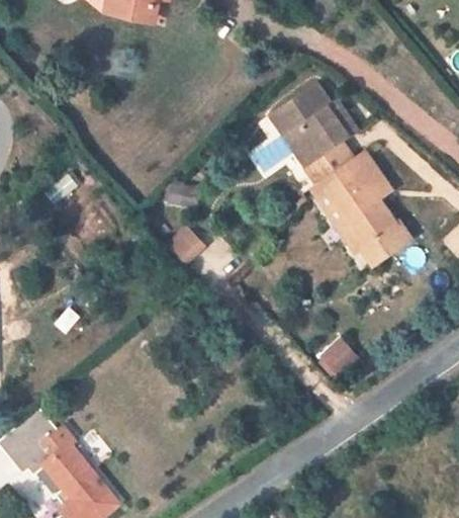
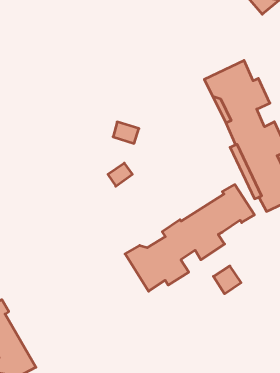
building: none -> [125,185,254,291]

